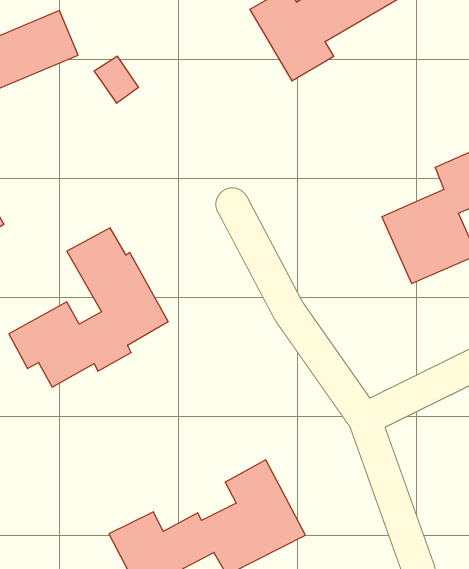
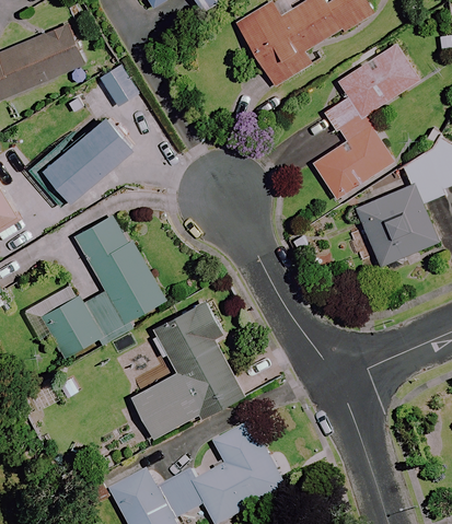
building: none -> [312,43,420,199]
building: none -> [45,116,134,200]
building: none -> [134,300,246,438]

